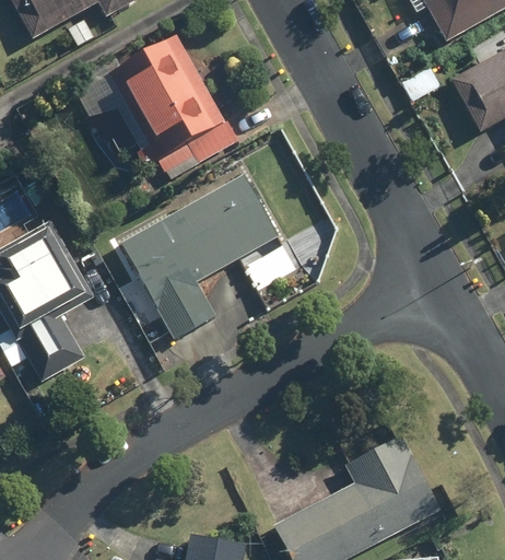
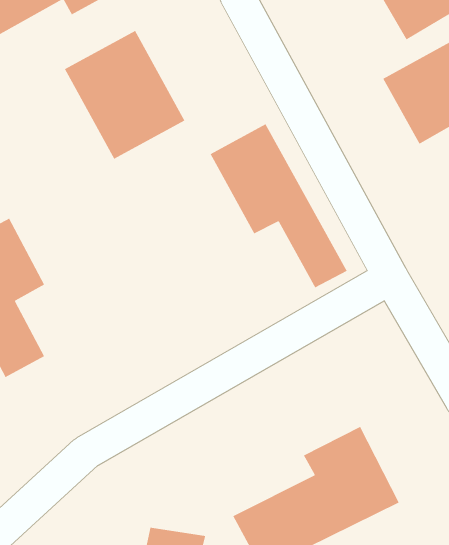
building: none -> [209,123,348,289]
building: [120,173,281,343] -> none

